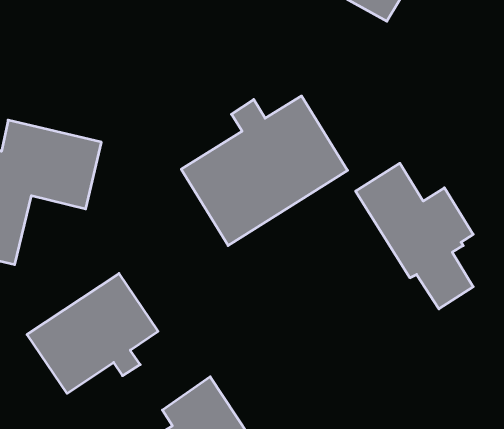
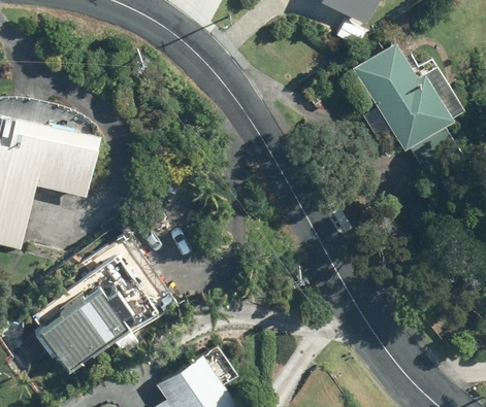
building: [181,96,348,246] -> none
building: [356,163,473,309] -> [354,43,463,178]

